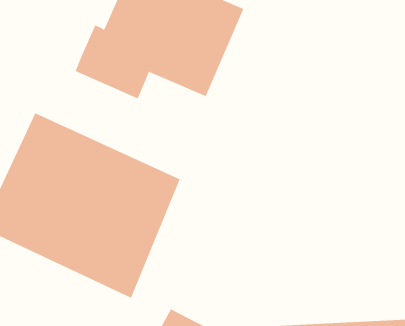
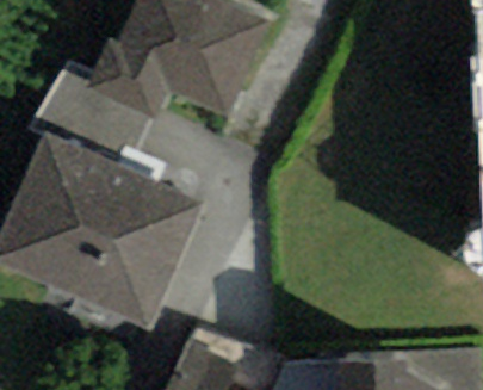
building: none -> [35,58,151,167]

